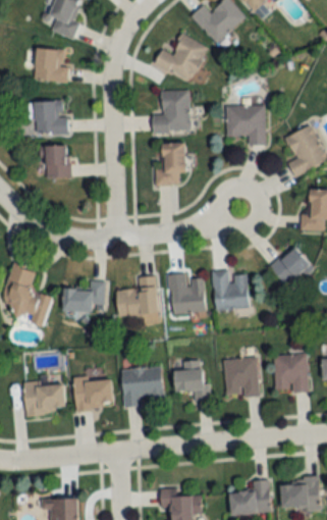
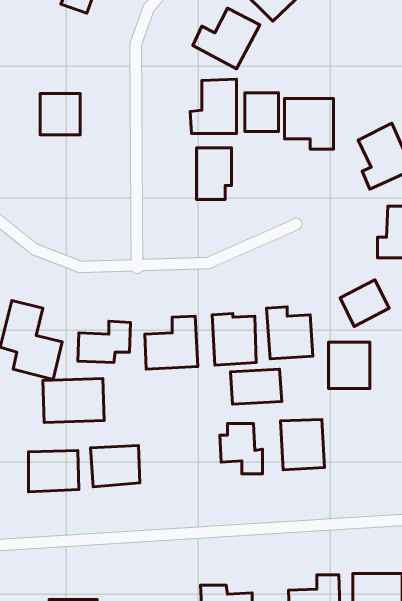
building: [35,49,67,82] -> none
building: none -> [245,93,279,131]
building: [43,145,70,177] -> none
building: none -> [230,369,282,404]
building: none -> [43,379,104,422]
building: [275,355,308,392] -> [328,342,370,389]
building: [122,366,164,407] -> none

